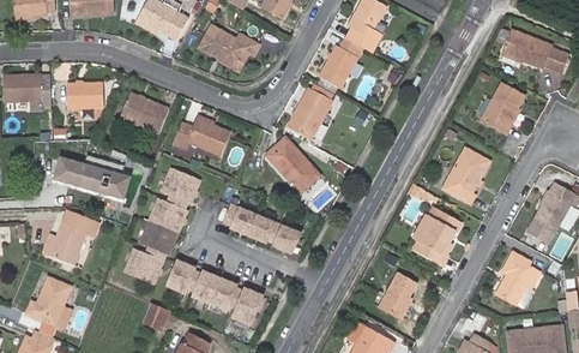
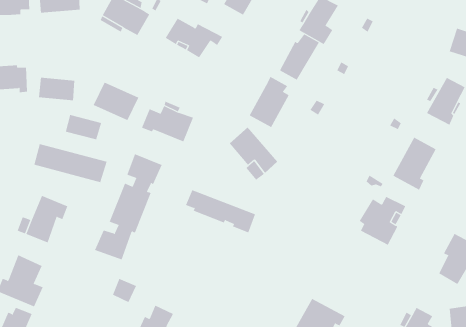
building: none -> [65,114,102,140]
building: [169,259,264,321] -> none
building: [375,274,414,321] -> none

